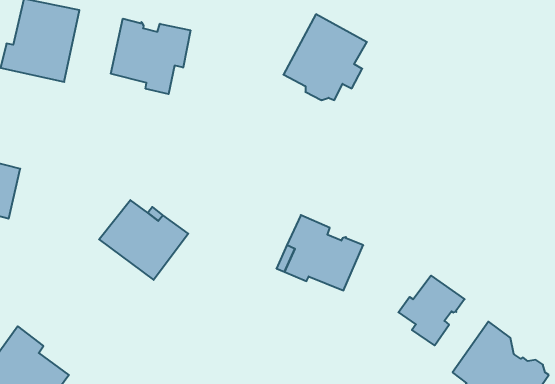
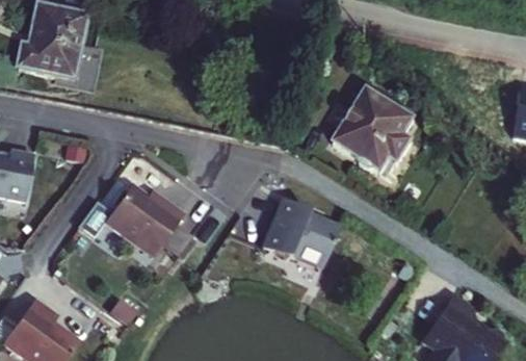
building: [283,14,367,100] -> [345,87,420,164]
building: [111,19,190,94] -> none
building: [398,276,465,345] -> none

